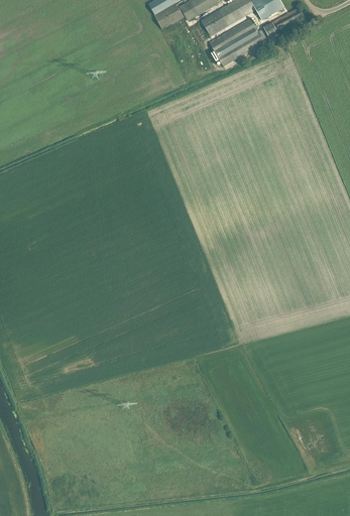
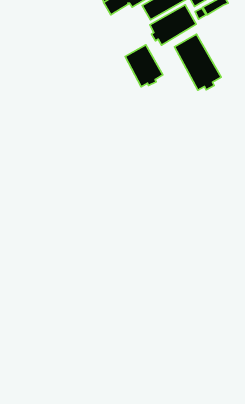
building: none -> [174,34,221,90]
building: none -> [125,45,163,87]

